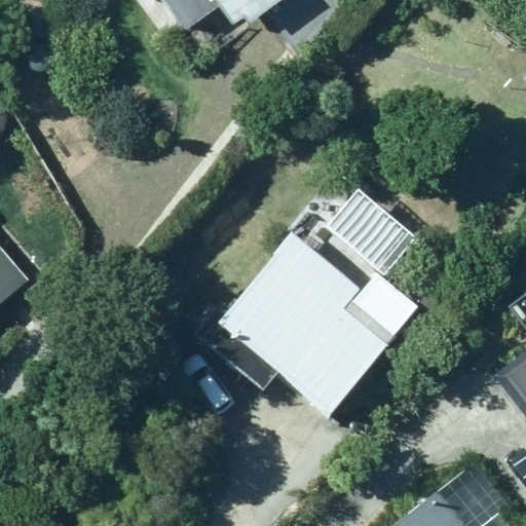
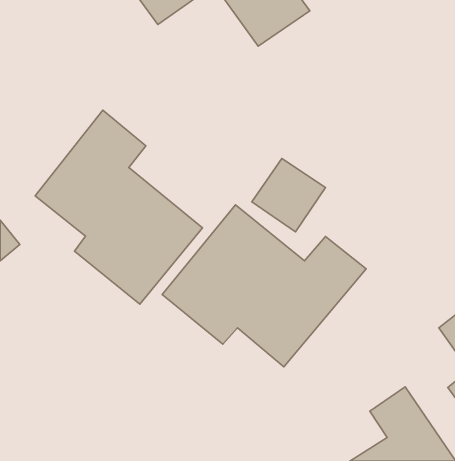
building: none -> [35,110,202,304]

